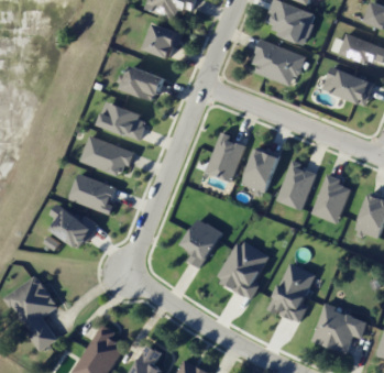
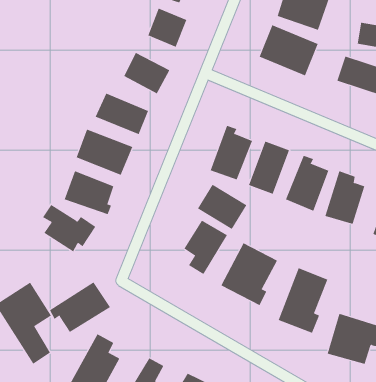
building: none -> [197,184,247,230]
building: none -> [49,281,111,333]

